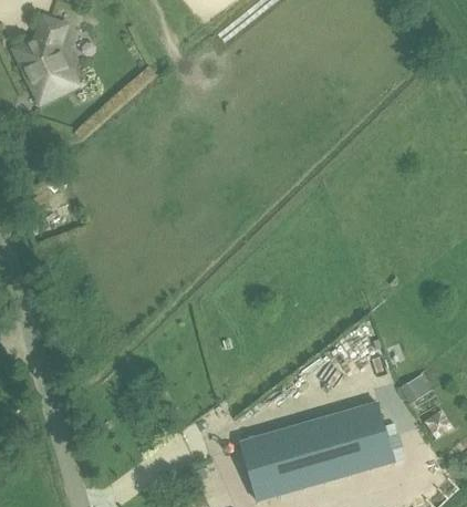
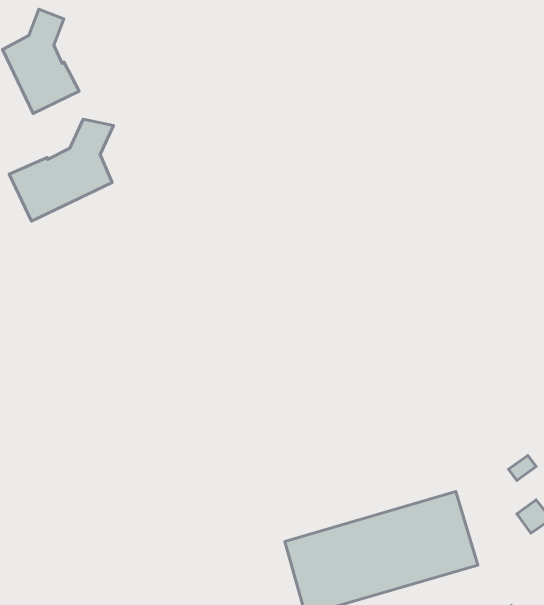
building: none -> [9,119,114,221]

